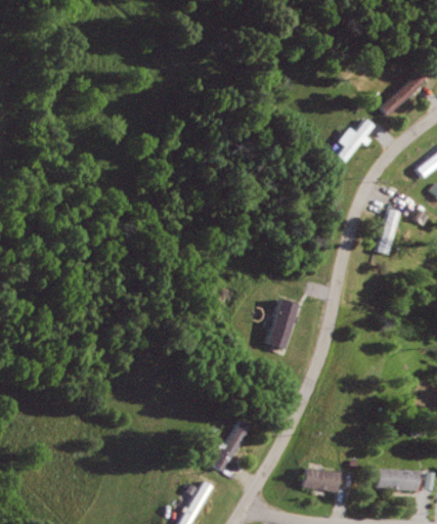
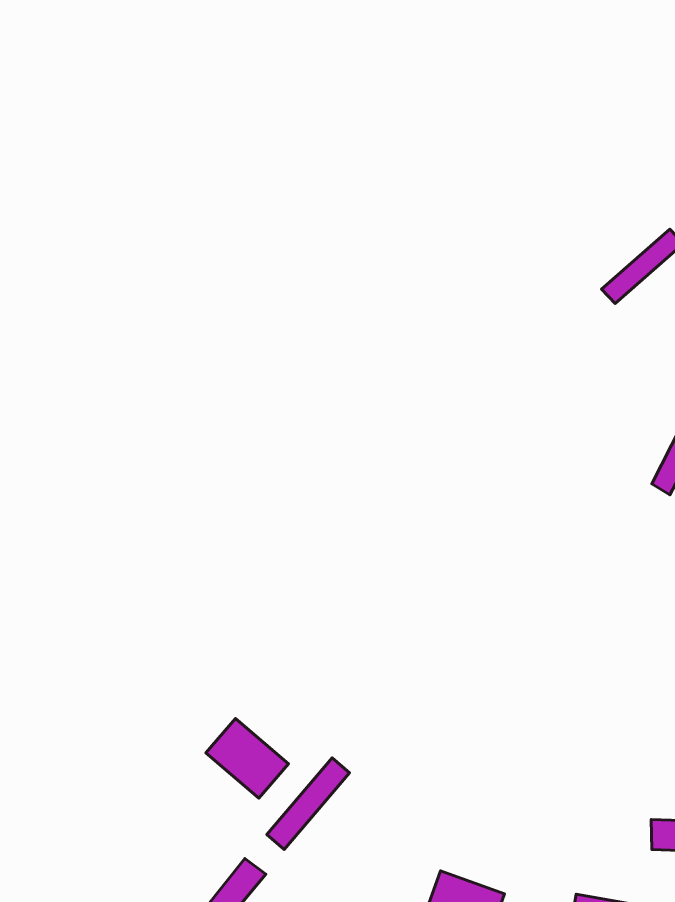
building: [265,298,297,349] -> none
building: none -> [206,719,288,798]

